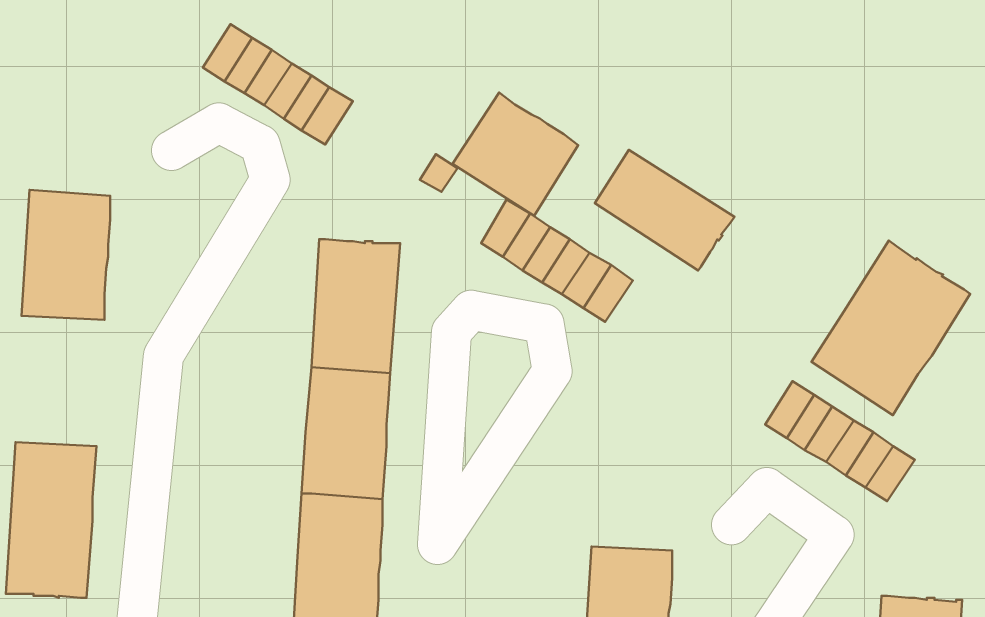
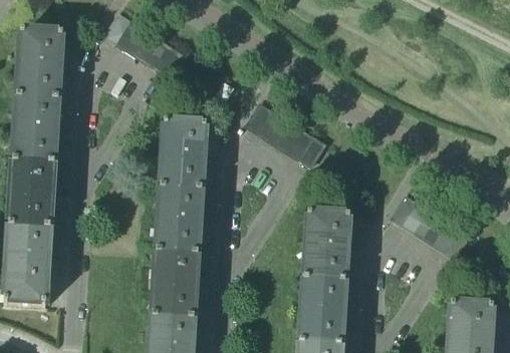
building: none -> [18,33,63,102]
building: [453,92,578,216] -> none
building: [595,150,735,271] -> none
building: [811,241,970,415] -> none
building: none -> [11,163,56,230]
building: none -> [304,215,350,283]

